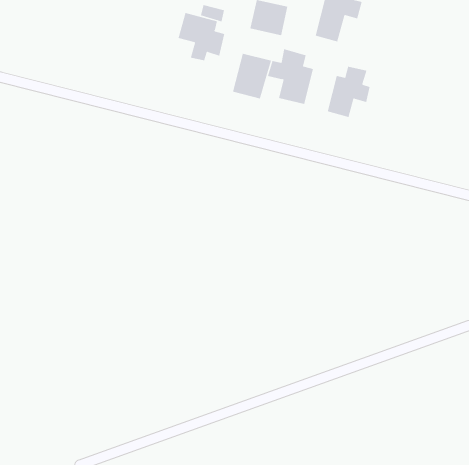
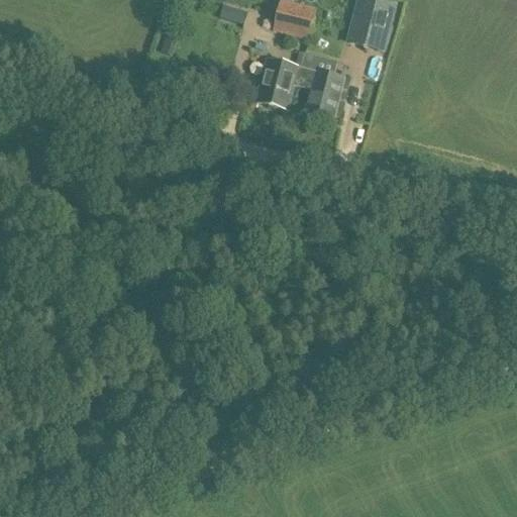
building: [178,12,225,61] -> none
building: [327,66,370,118] -> none

